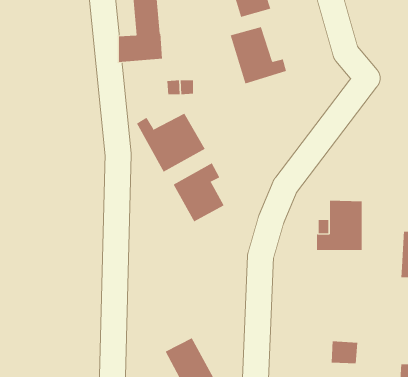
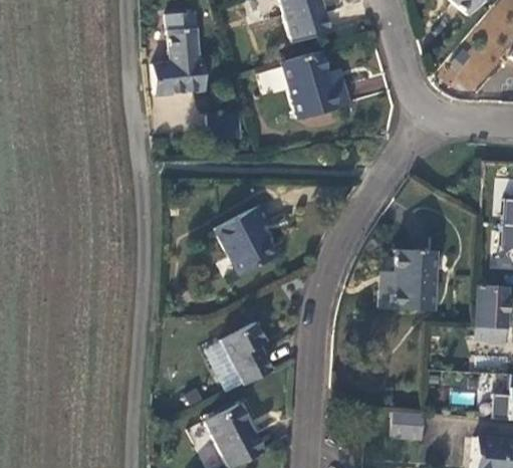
building: [136,113,205,173] -> none
building: none -> [220,324,270,385]

